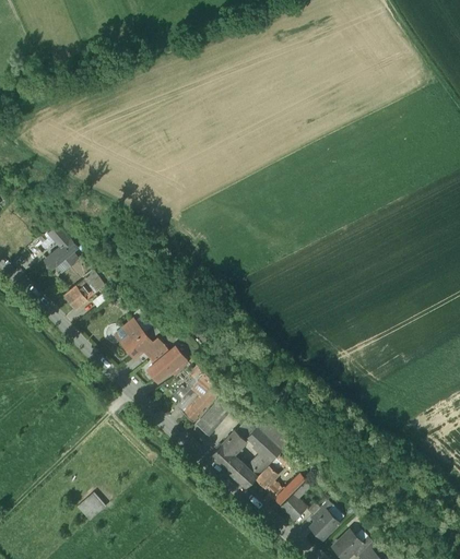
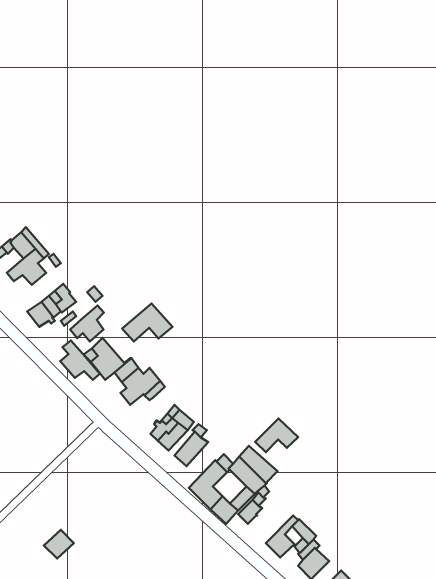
building: none -> [122,303,172,342]
building: none -> [70,305,104,342]
building: none -> [60,340,100,380]
building: none -> [255,418,298,452]
building: [263,474,304,506] -> none

